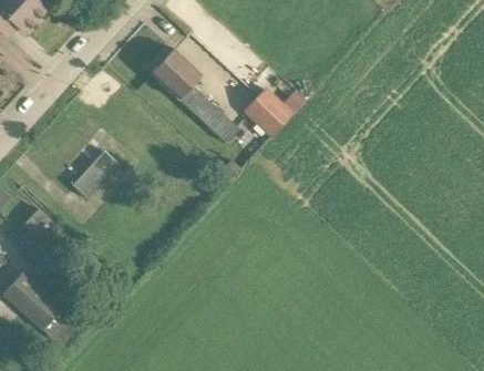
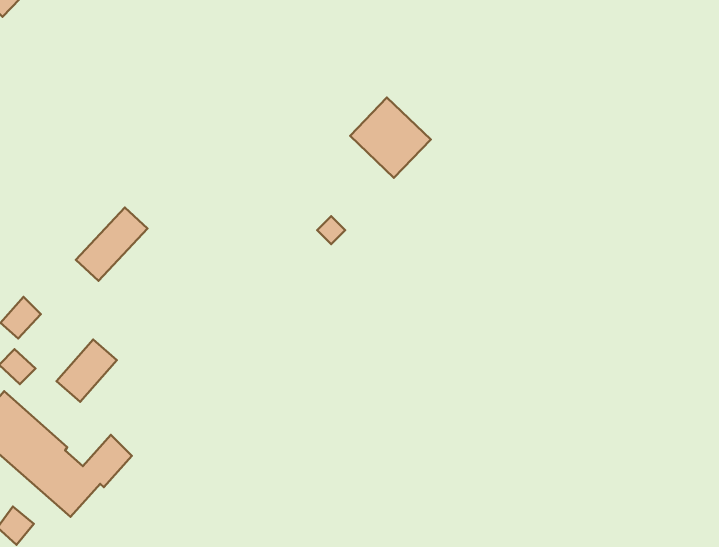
building: [153,51,240,142] -> none
building: none -> [57,339,117,402]

